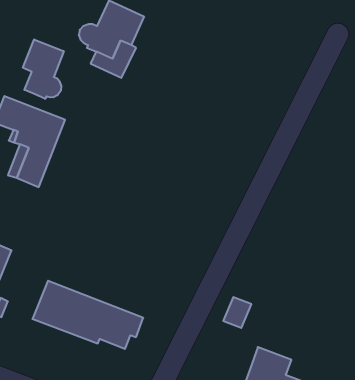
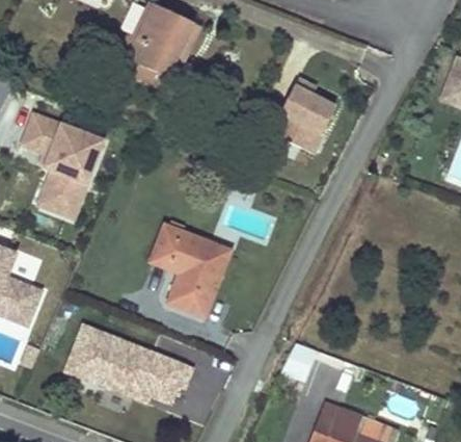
building: [23,39,64,99] -> none
building: none -> [271,77,334,152]
building: none -> [151,224,229,314]

